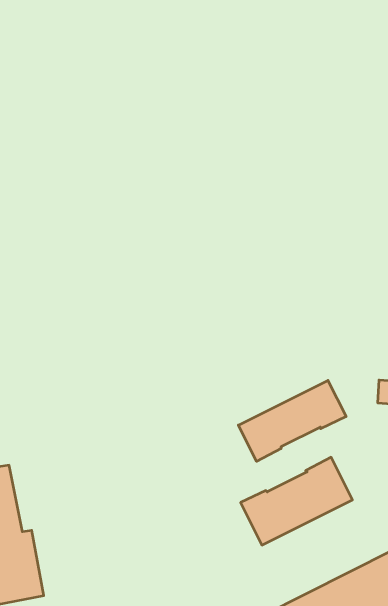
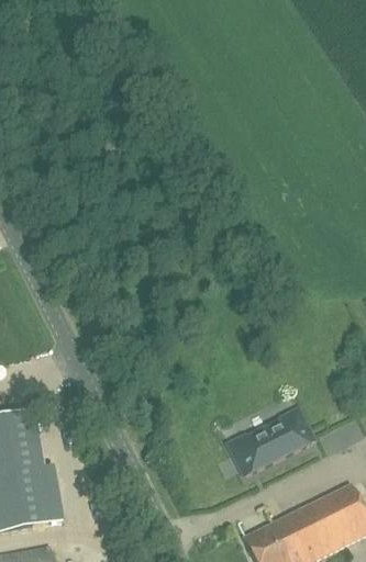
building: [238,380,346,461] -> none

